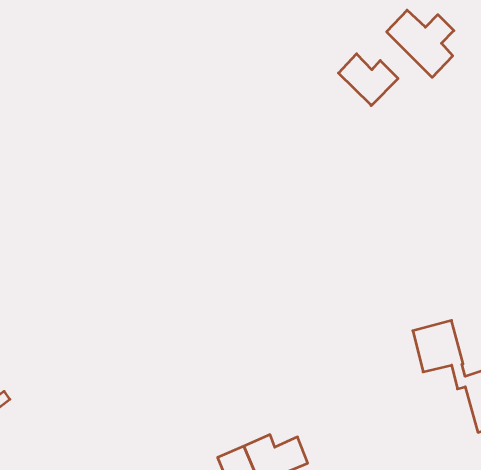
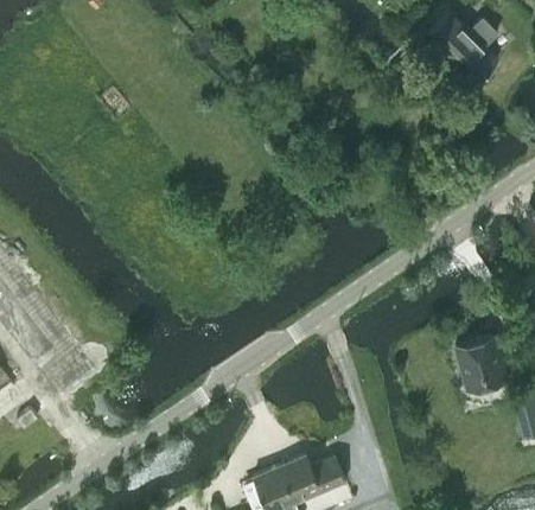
building: [338,54,398,106] -> none

